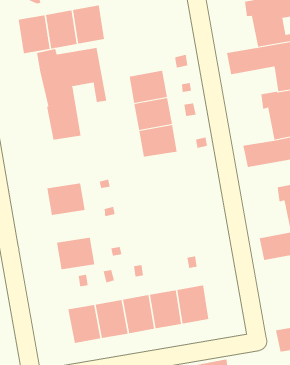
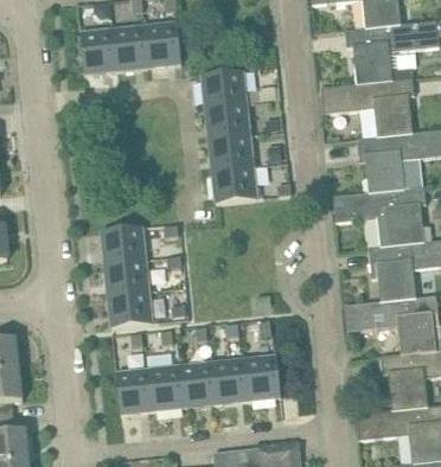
building: none -> [202,70,245,107]
building: [36,47,107,141] -> none
building: none -> [104,258,148,294]

